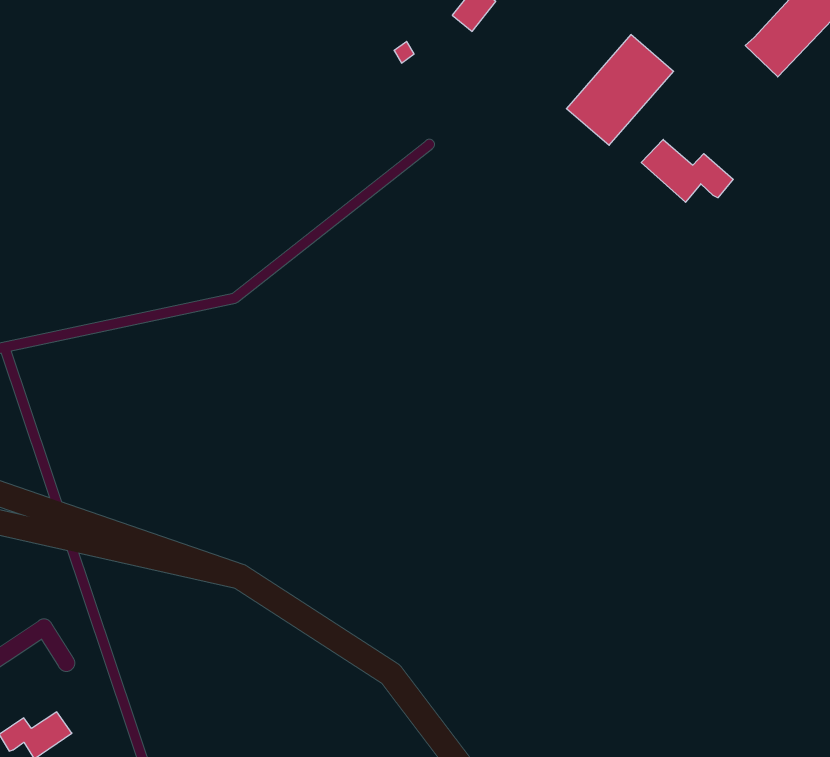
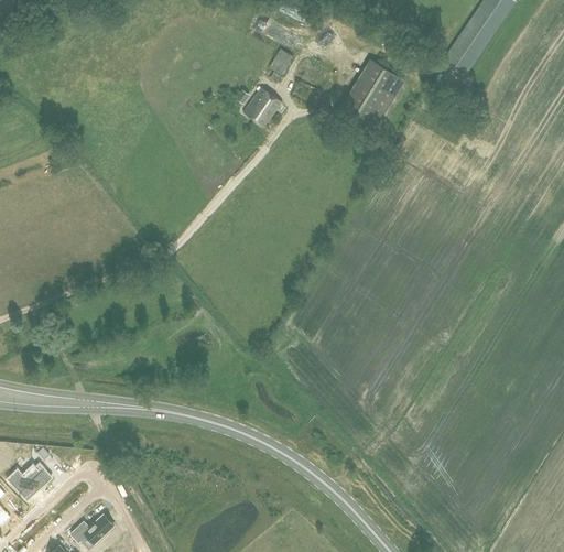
building: none -> [243,86,282,126]
building: [641,139,733,202] -> none

